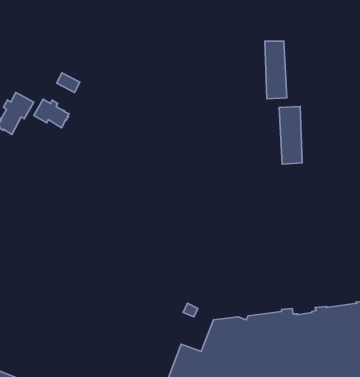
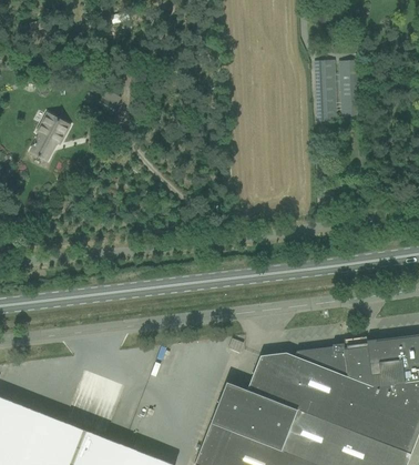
building: [34,99,69,128] -> none
building: [279,106,302,164] -> [337,60,361,121]

